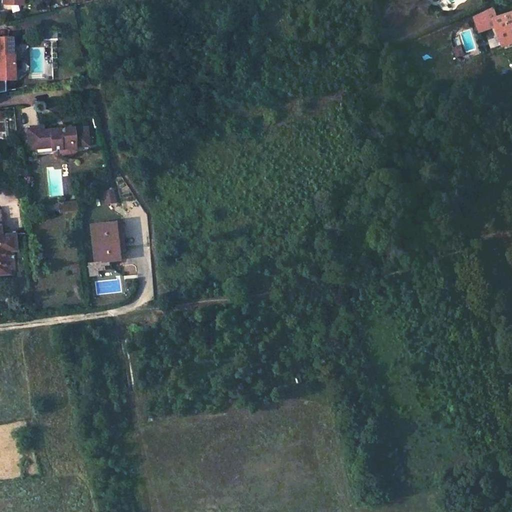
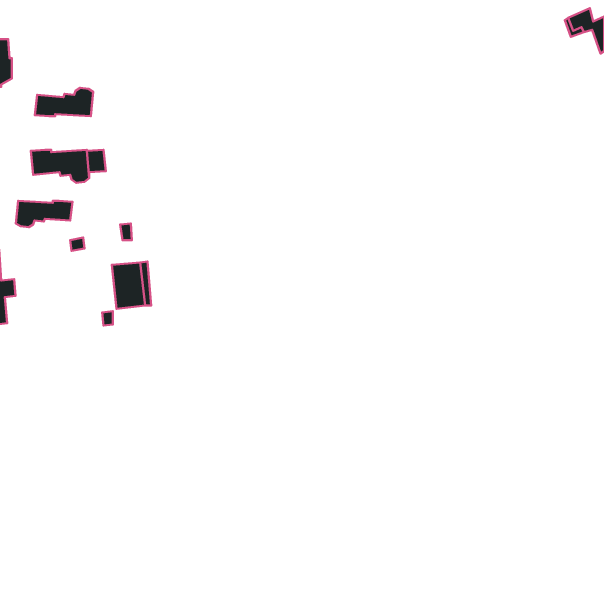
building: none -> [35,88,93,116]
building: none -> [16,201,73,227]

